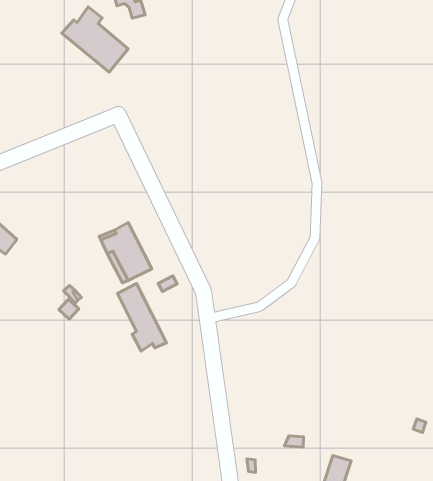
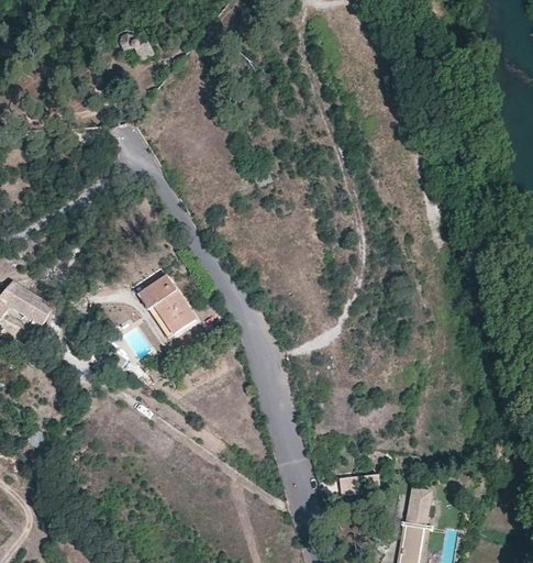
building: [62,7,128,72] -> none
building: [118,284,166,351] -> none

